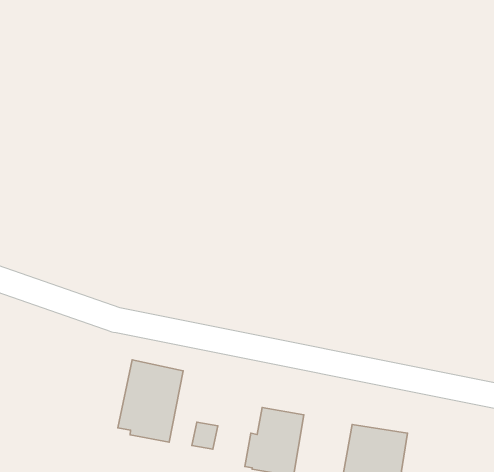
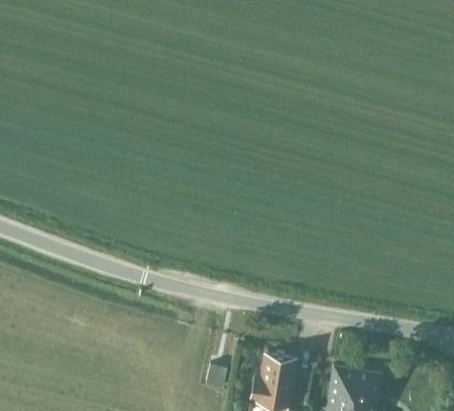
building: [118,360,183,442] -> none

